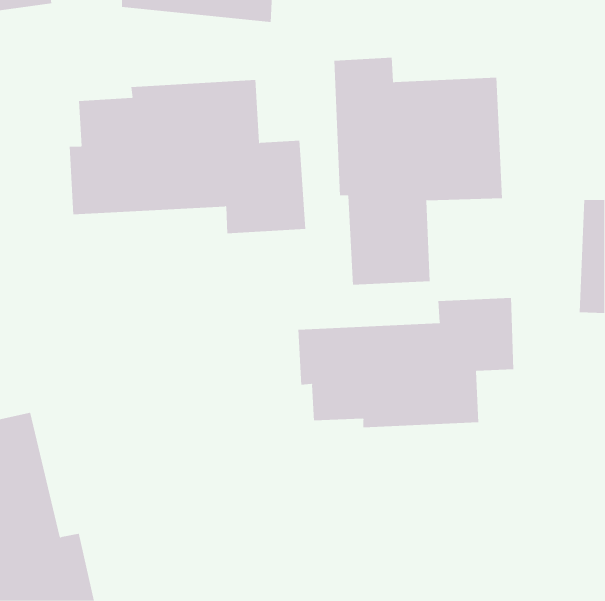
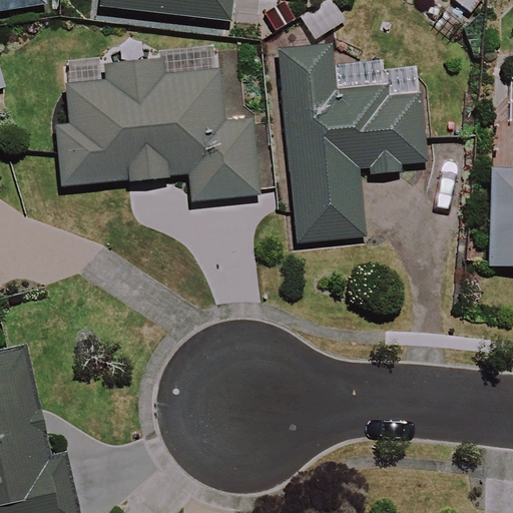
building: [298,297,514,428] -> none

